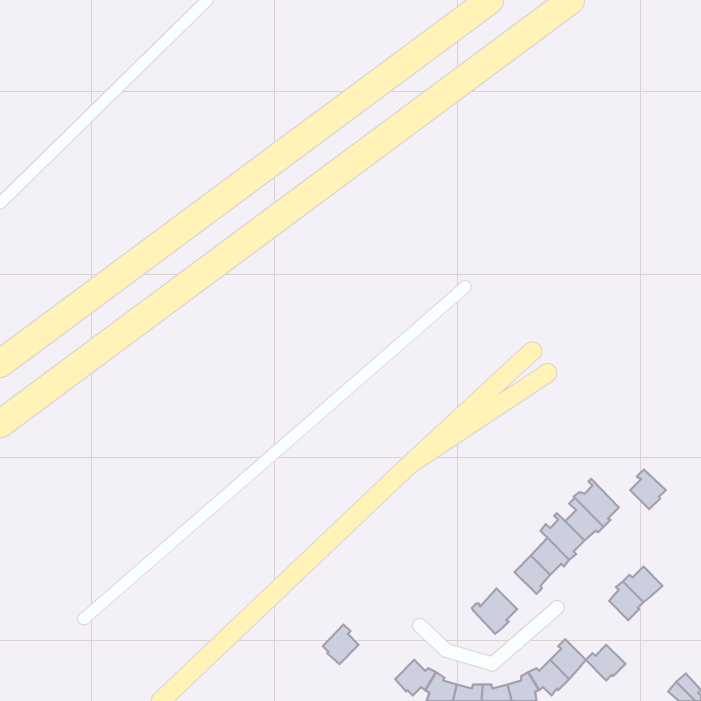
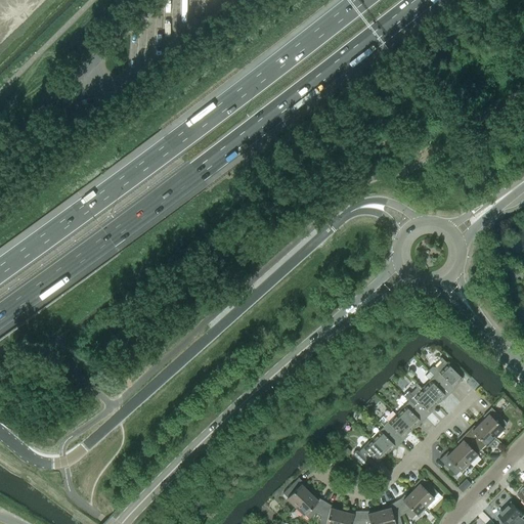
building: [630,470,666,509] -> [480,407,507,437]
building: none -> [370,427,400,454]
building: [323,624,359,664] -> [282,477,309,507]
building: [586,645,626,680] -> [439,448,469,475]

